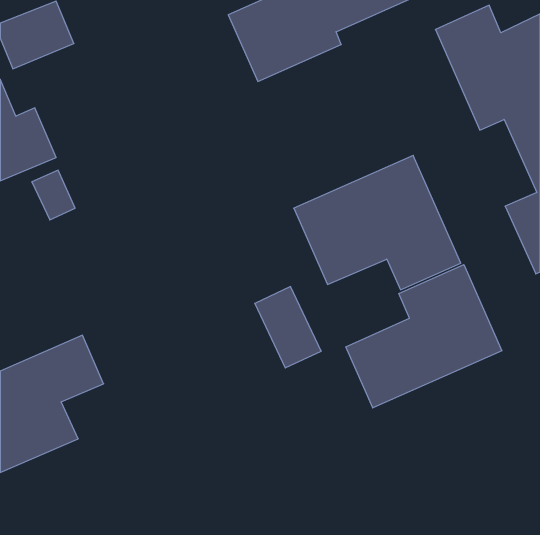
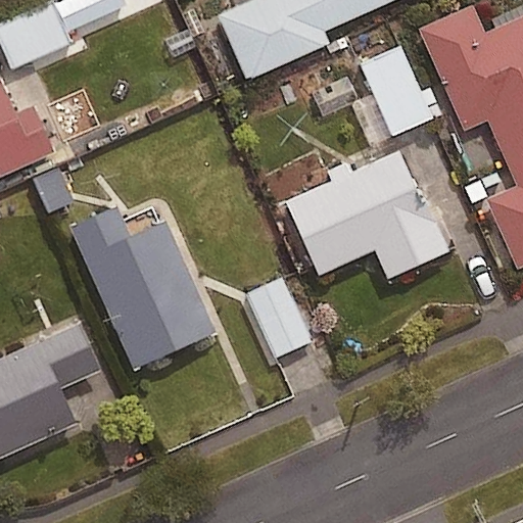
building: none -> [360,43,433,134]
building: none -> [82,221,215,370]
building: [346,265,502,408] -> none

